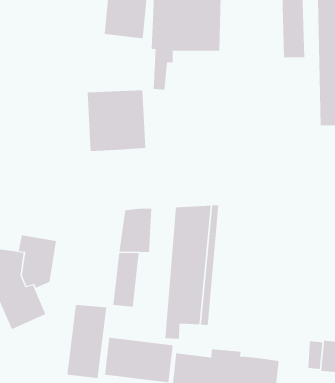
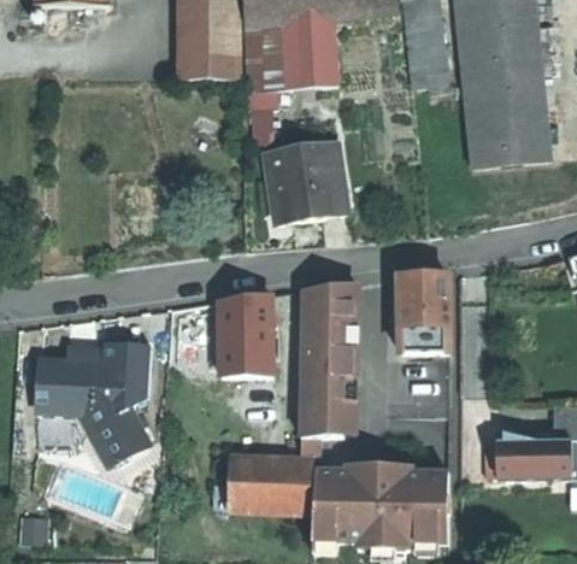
building: [87,90,146,151] -> [265,140,347,224]
building: none -> [398,271,448,351]
building: [67,304,107,379] -> none

